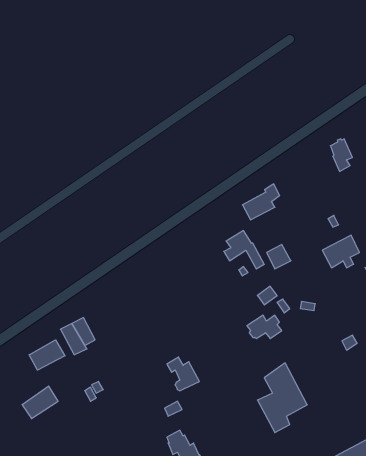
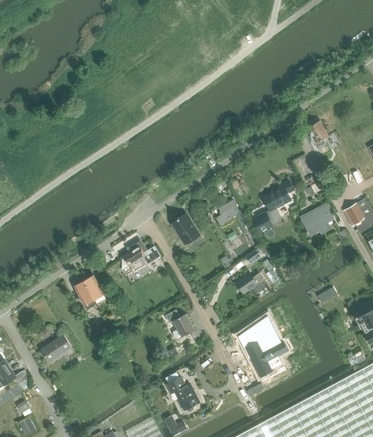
building: [242,184,280,220] -> [263,180,295,211]
building: none -> [172,213,201,245]
building: none -> [123,246,161,273]
building: [29,340,65,370] -> none

